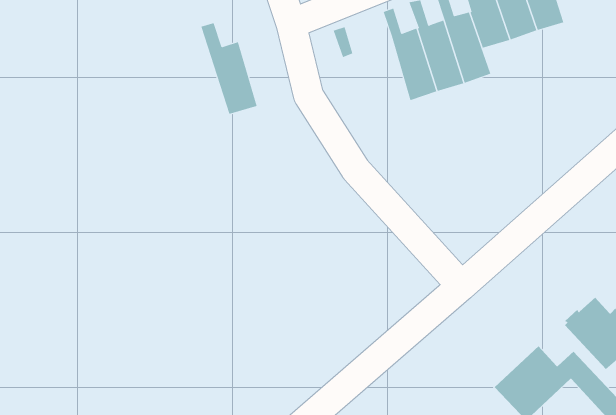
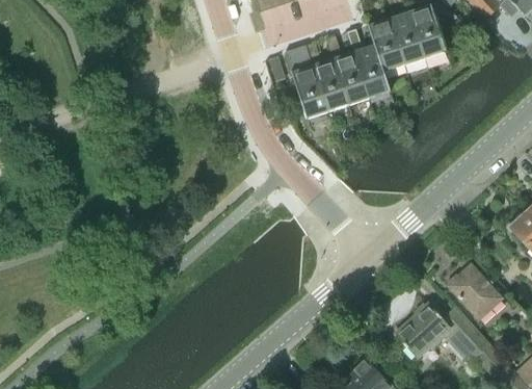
building: [201,22,257,114] -> [285,48,328,119]

